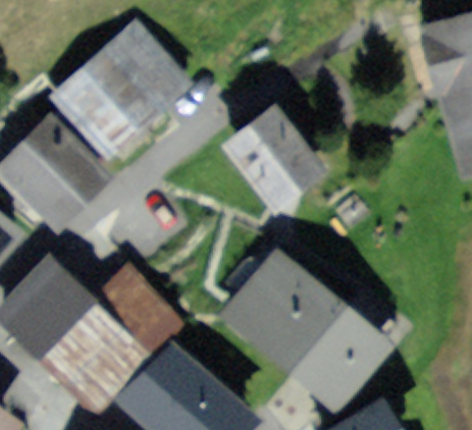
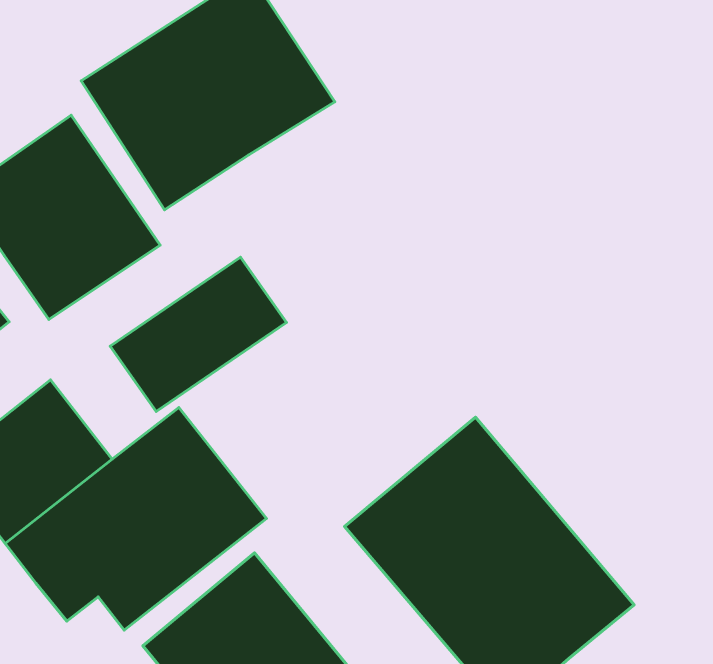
building: [220,106,313,203] -> none
building: none -> [110,257,287,412]

